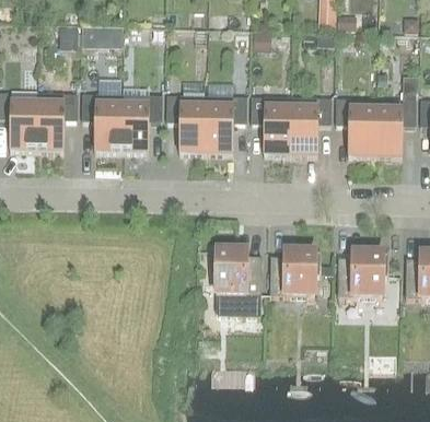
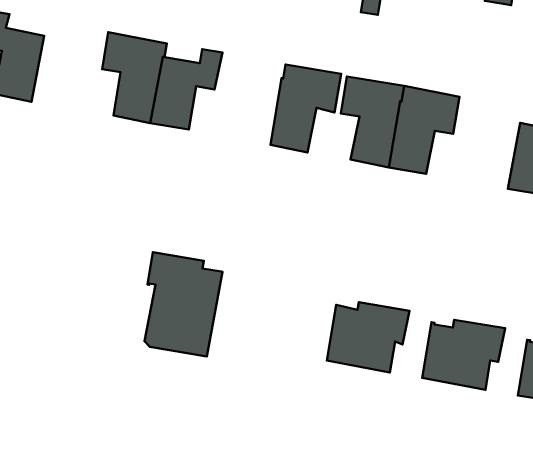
building: [36,91,77,149] -> none
building: [165,93,207,151] -> none
building: [335,96,375,154] -> none
building: [210,248,260,314] -> [144,252,223,356]

